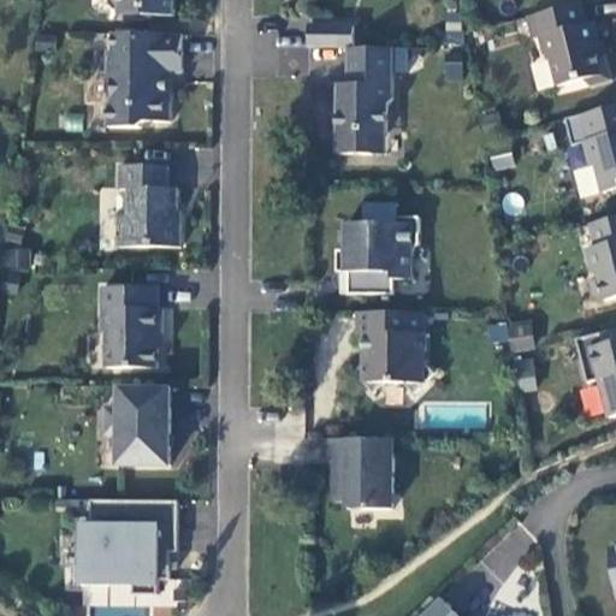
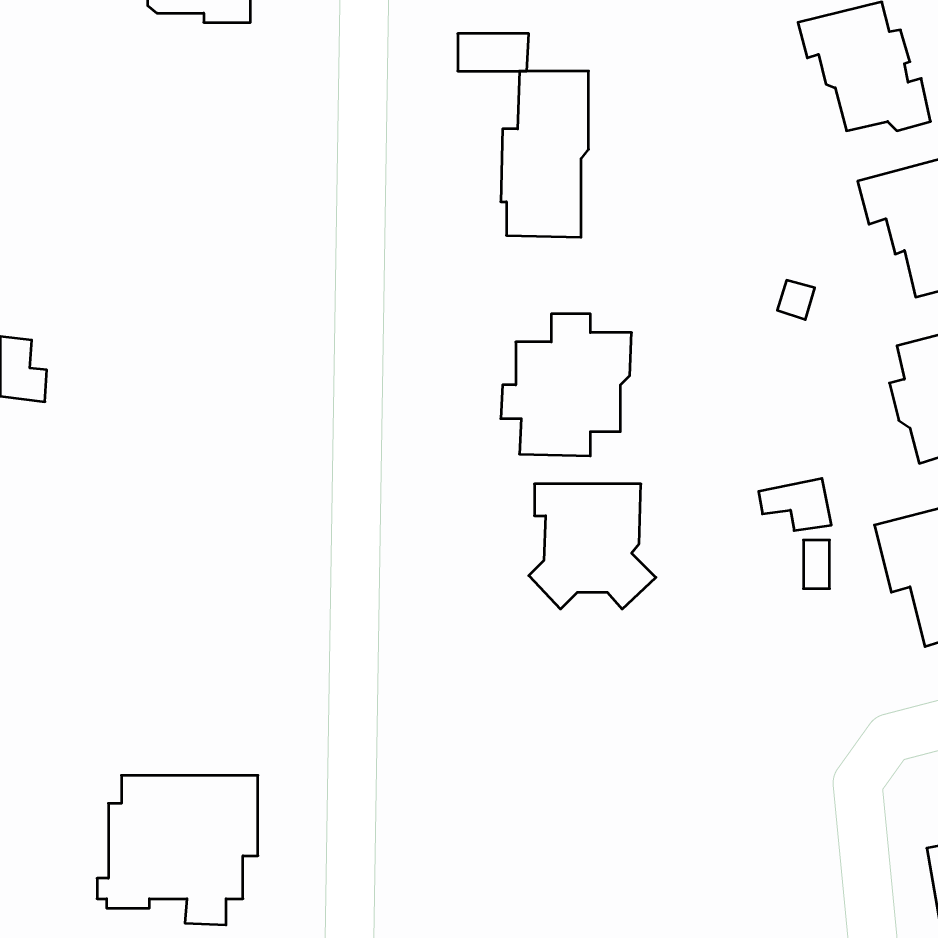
building: [105,31,180,126] -> none
building: [113,162,178,247] -> none
building: [99,284,160,367] -> none
building: [102,384,168,466] -> none
building: [327,437,392,508] -> none

